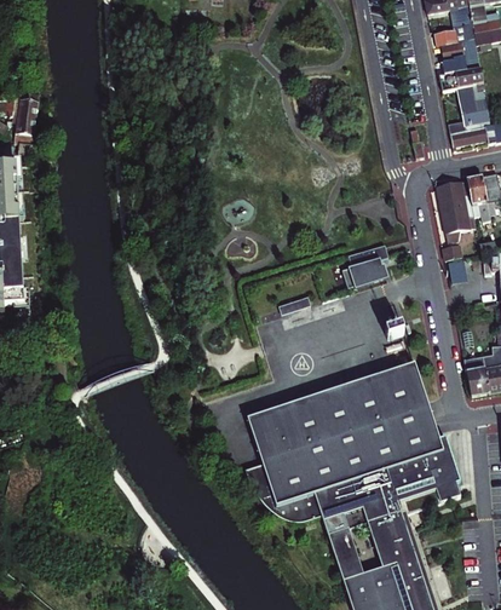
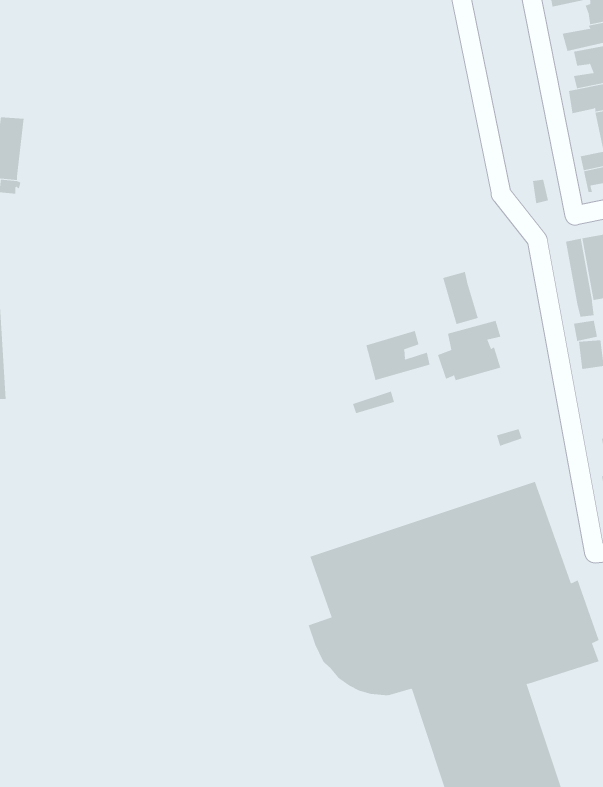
building: none -> [443,271,479,325]
building: none -> [366,330,430,381]

